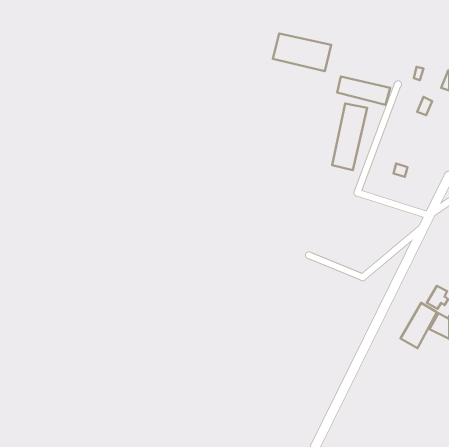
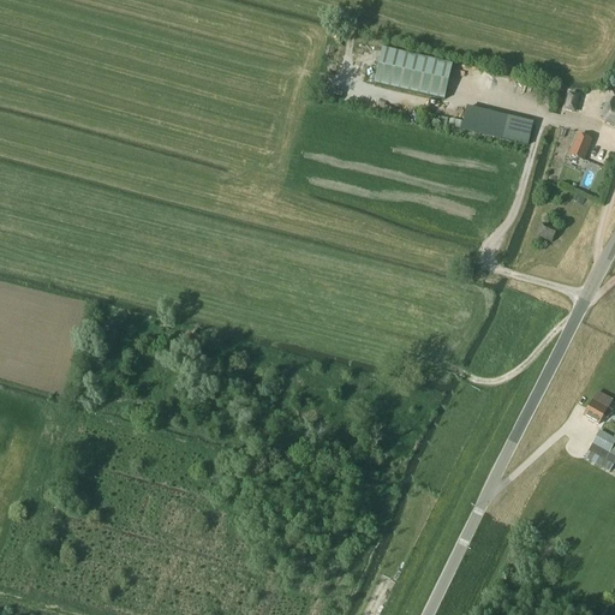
building: [332,103,367,170] -> none
building: [400,303,437,348] -> none

